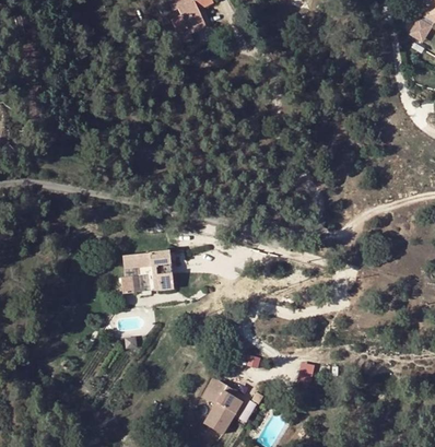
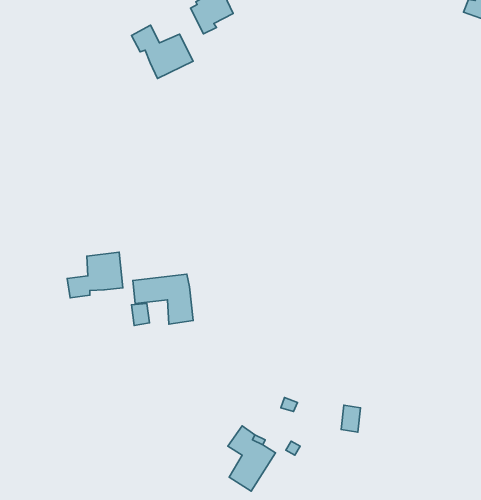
building: none -> [132,25,193,79]
building: none -> [67,252,123,298]

